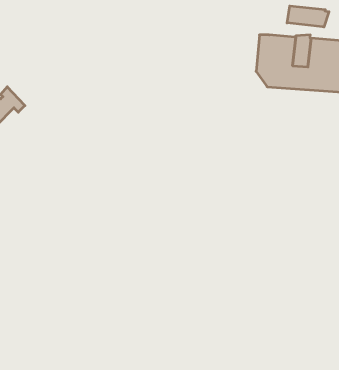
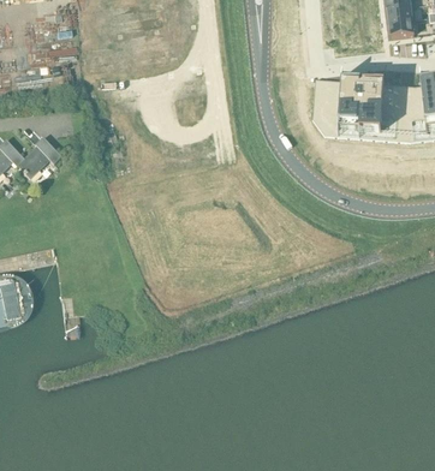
building: [287,6,329,27] -> none

